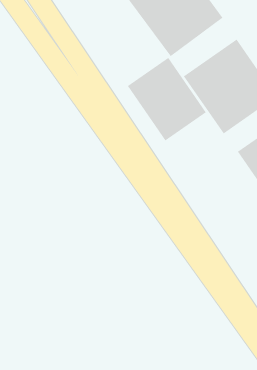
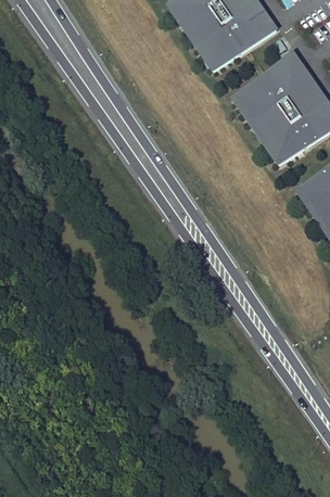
building: [127,57,207,141] -> none

